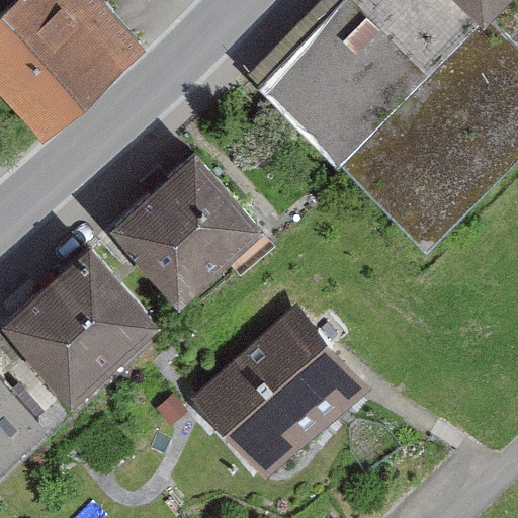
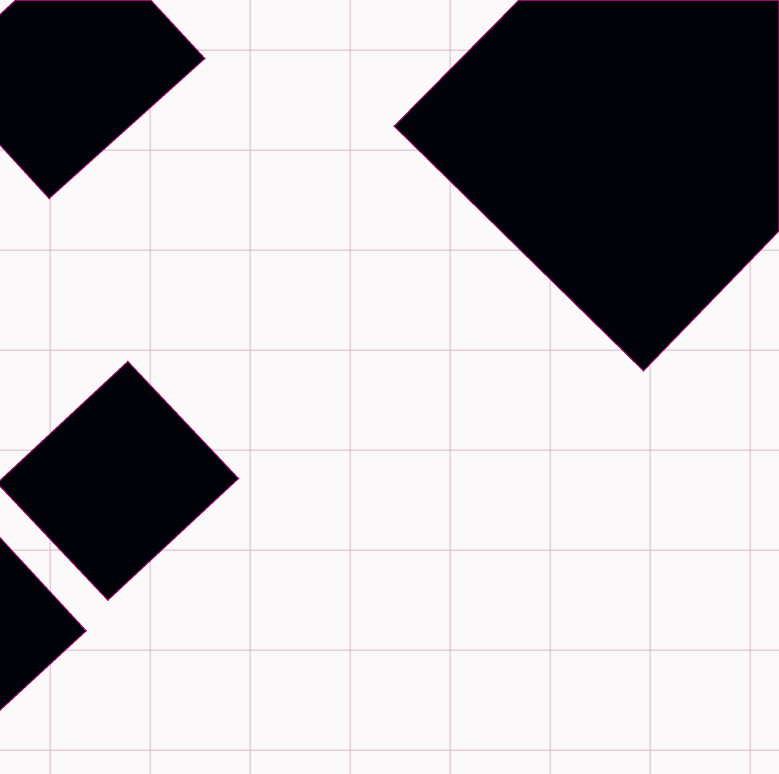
building: [114,153,265,304] -> none
building: [199,313,382,493] -> none

